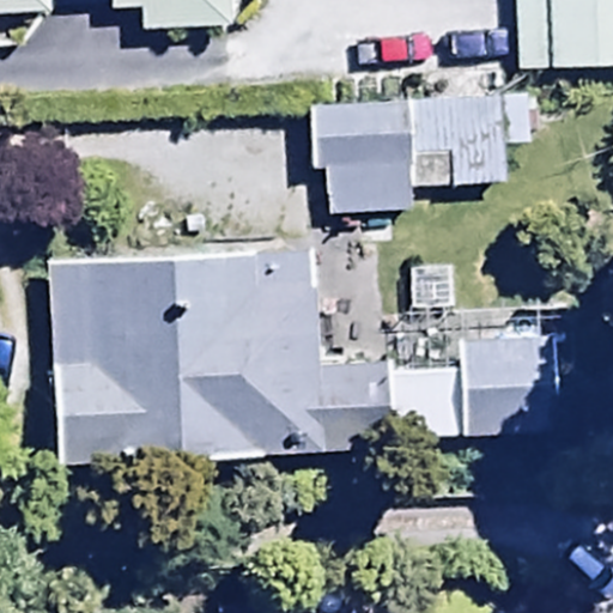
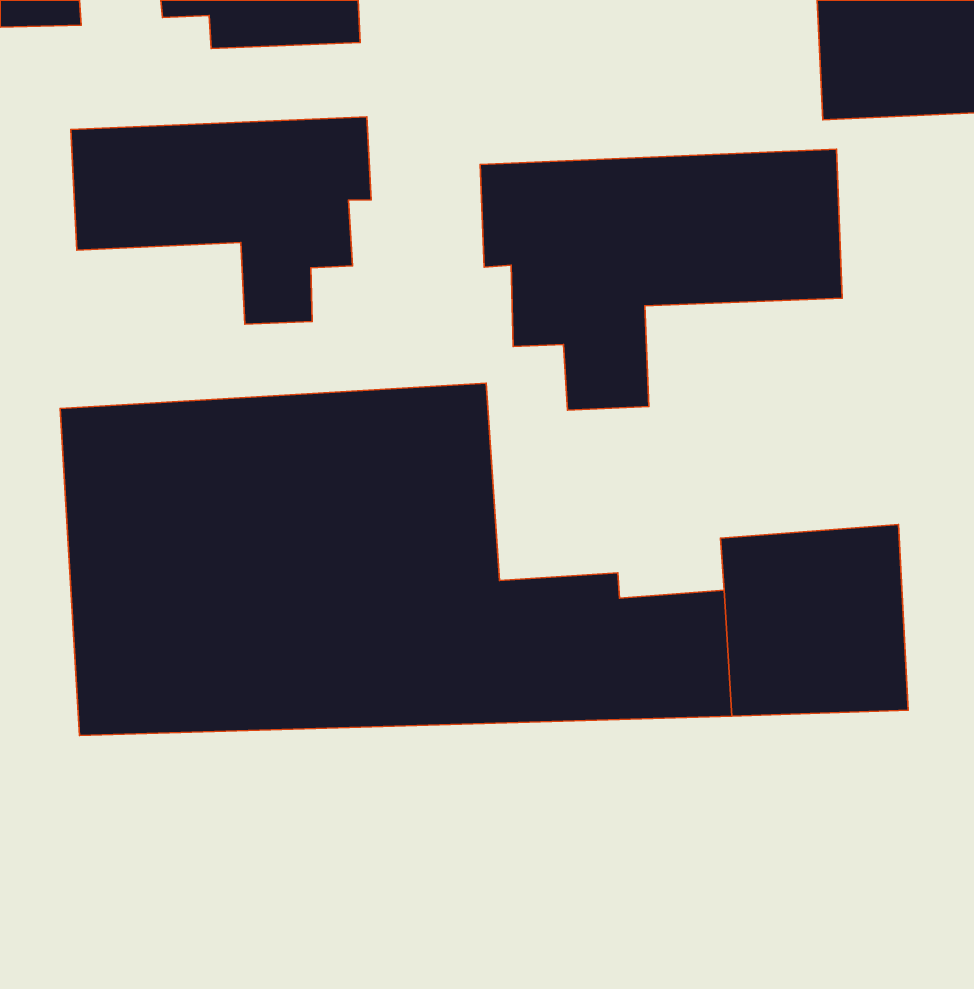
building: none -> [71,117,371,324]

